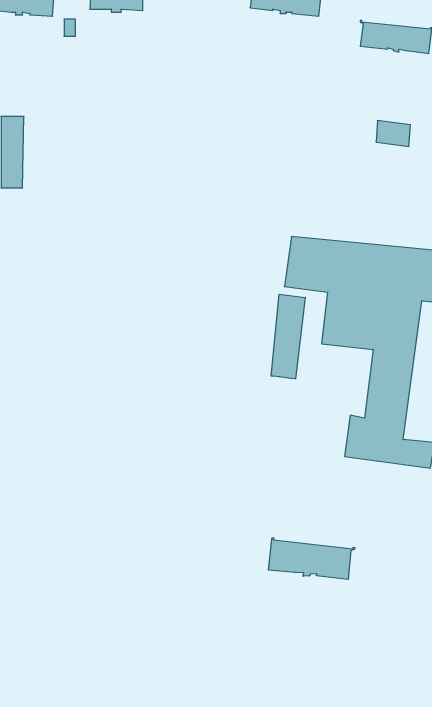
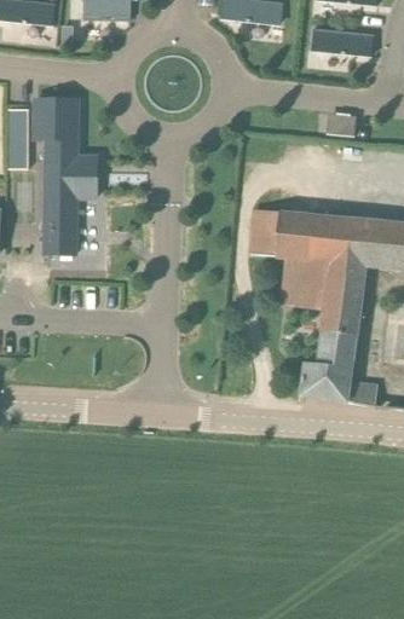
building: none -> [35,98,96,253]
building: [271,294,305,379] -> none
building: [269,538,355,579] -> none

